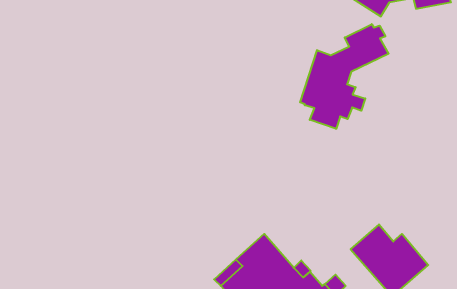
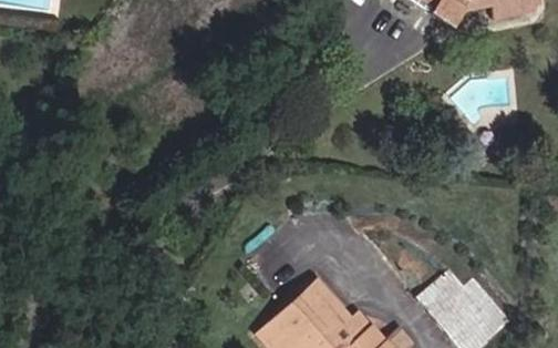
building: [300,24,389,129] -> none

